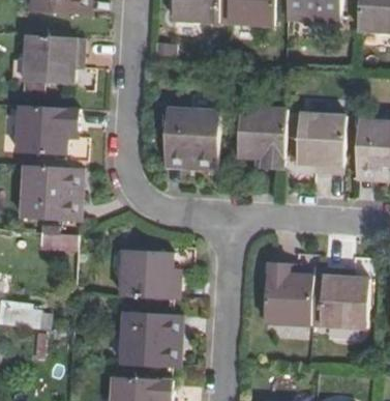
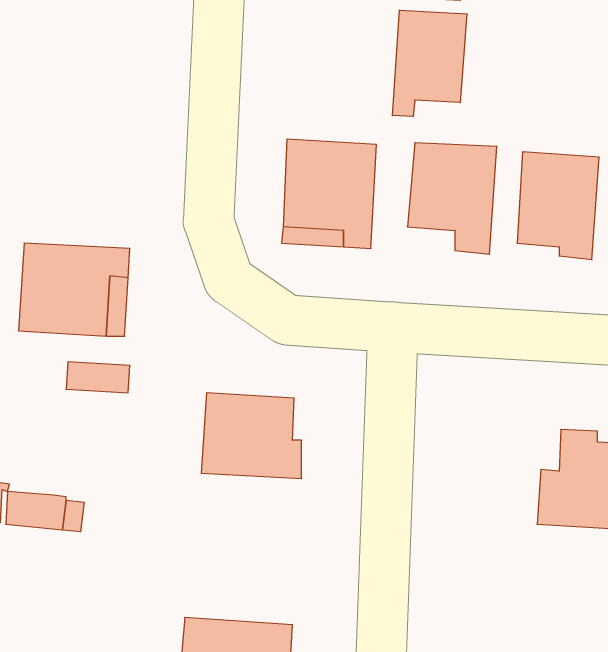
building: none -> [392,10,467,117]
building: [21,35,81,81] -> none
building: [12,107,77,155] -> none
building: [265,266,324,325] -> none
building: [119,313,181,368] -> none

